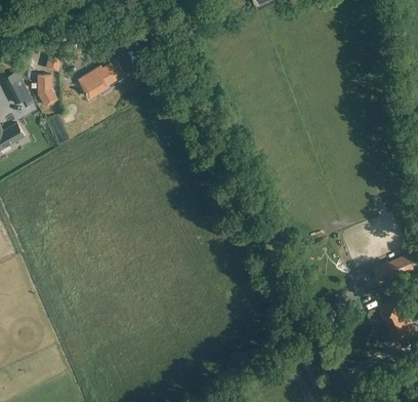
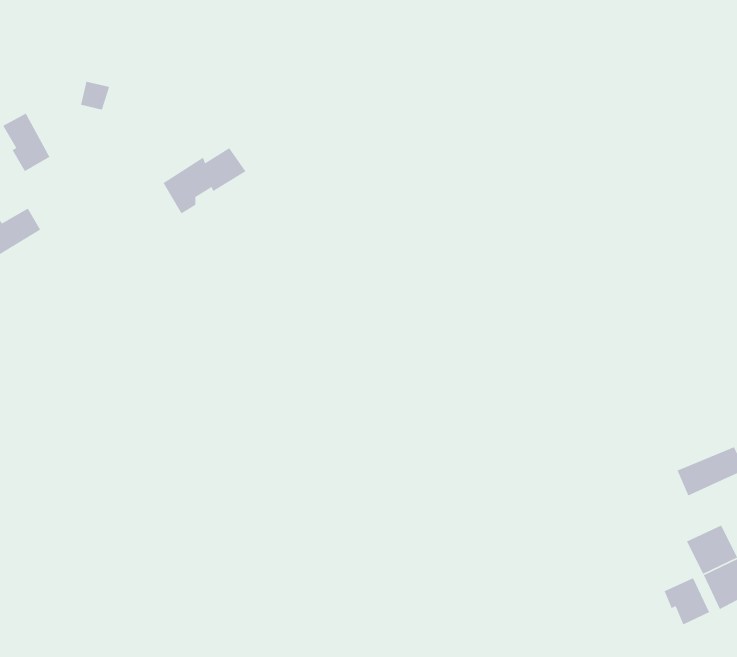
building: [79,61,125,97] -> [163,147,246,214]
building: [39,75,57,106] -> none
building: none -> [663,577,710,625]

